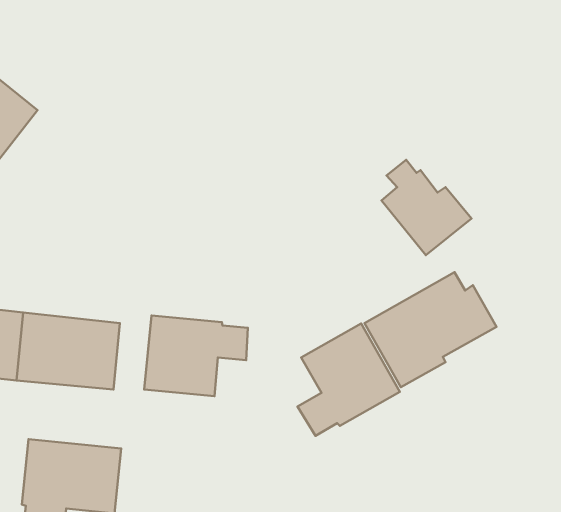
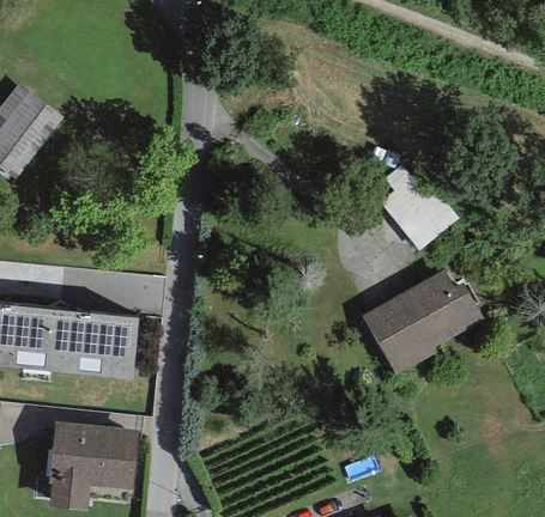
building: [144,315,248,396] -> none
building: [298,323,400,436] -> none

